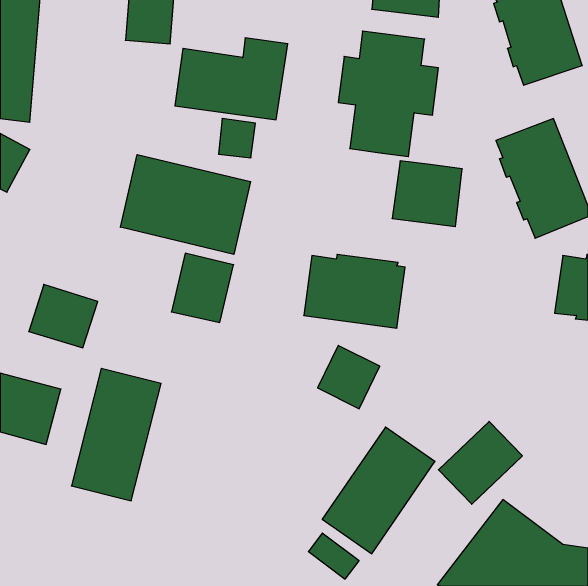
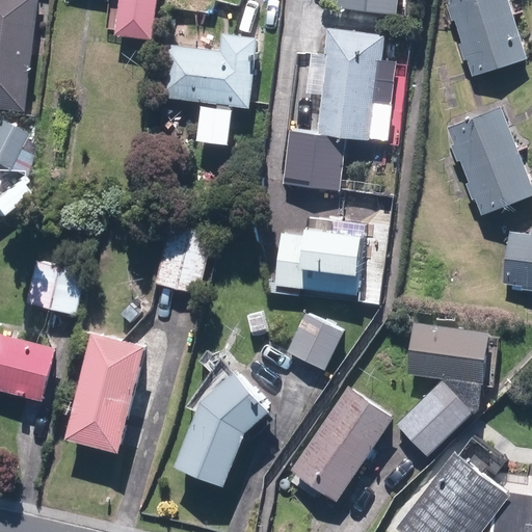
building: [120,155,251,254] -> none
building: [392,161,462,227] -> [282,131,345,190]
building: none -> [406,323,489,383]
building: none -> [172,372,267,487]

